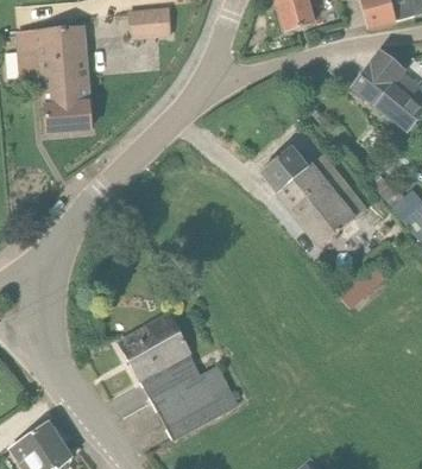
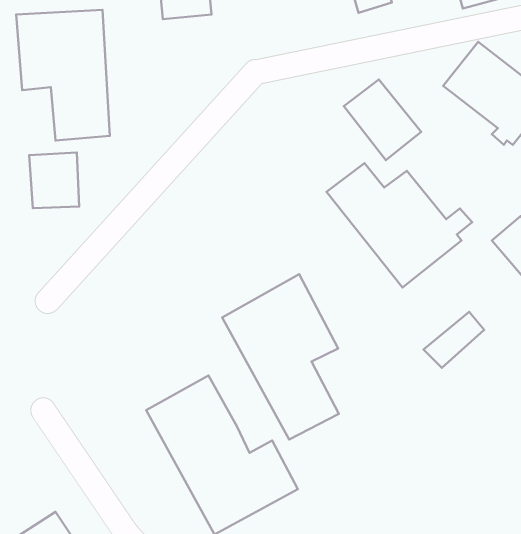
building: none -> [344,80,421,160]
building: none -> [29,152,79,208]
building: none -> [222,274,339,439]

